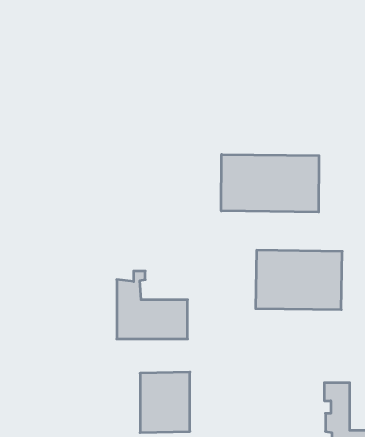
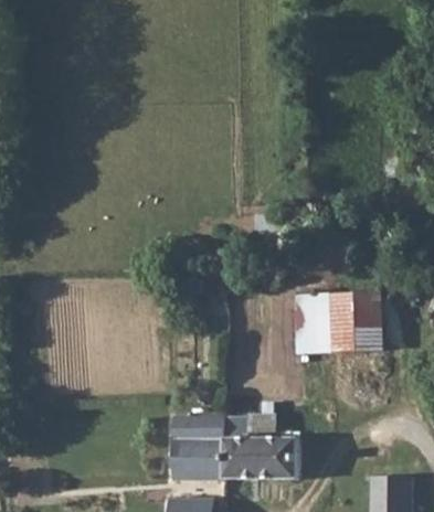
building: [221,154,319,212] -> none
building: [117,271,188,339] -> [224,408,298,479]

